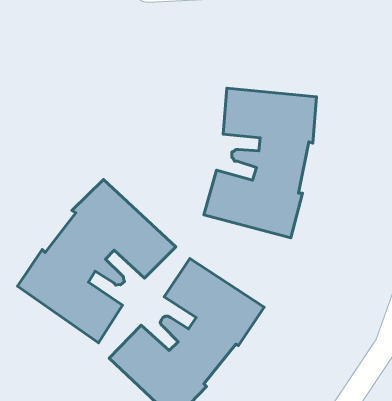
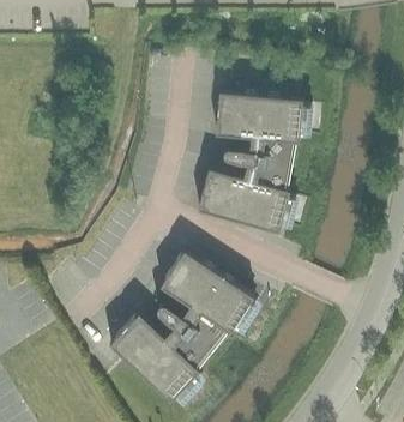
building: [17,179,176,343] -> none

